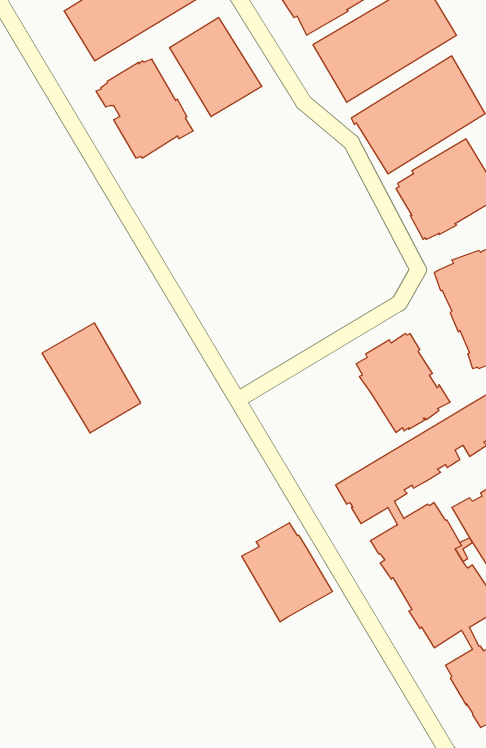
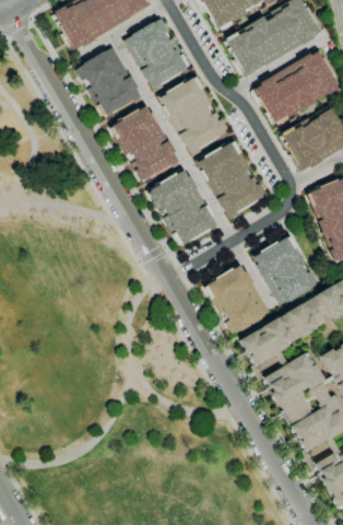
building: none -> [158,78,226,152]
building: none -> [107,108,175,184]
building: none -> [199,142,265,217]
building: [42,323,141,433] -> [146,171,214,246]
building: [242,523,333,622] -> [206,265,269,332]

